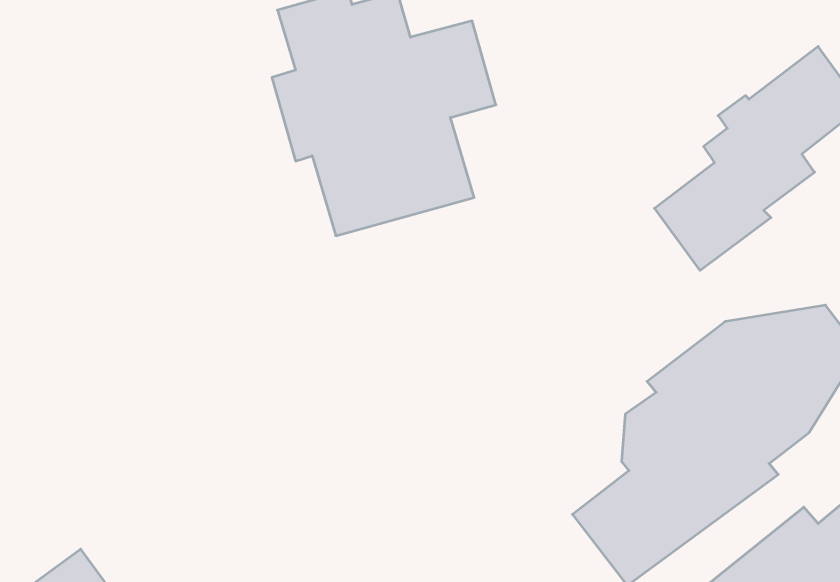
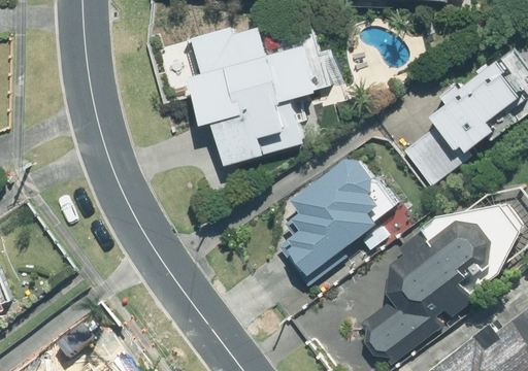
building: none -> [279,159,378,284]

